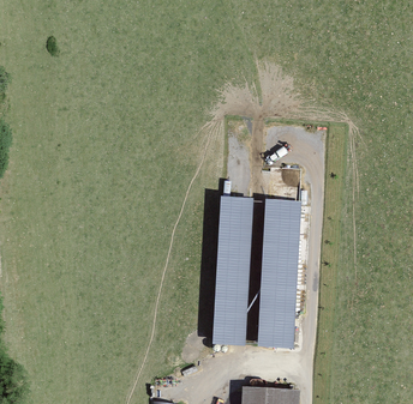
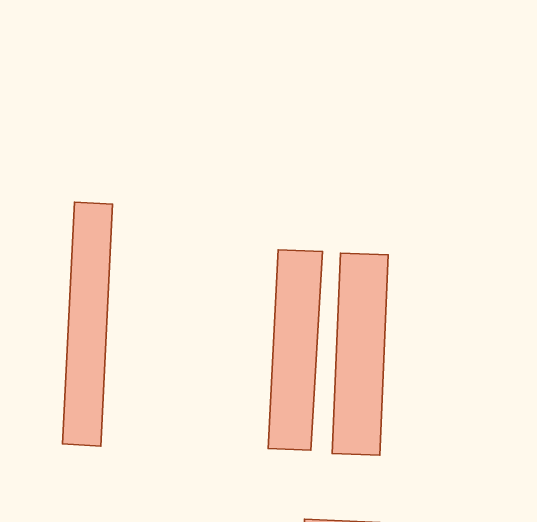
building: none -> [63,202,113,446]

